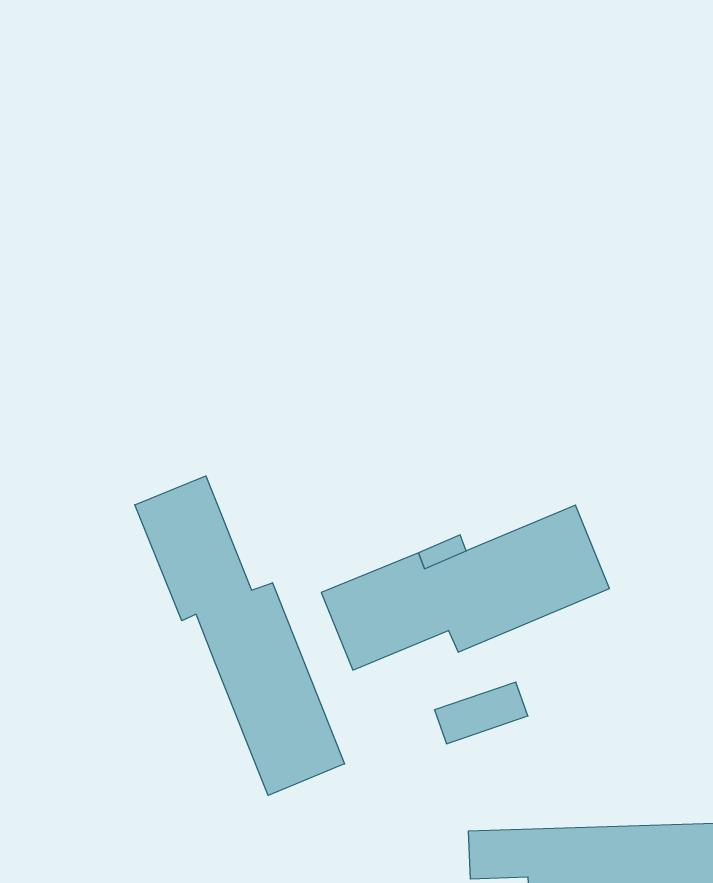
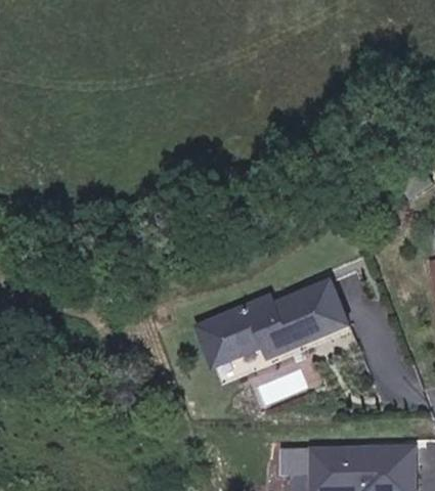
building: [135,476,345,795] -> none

